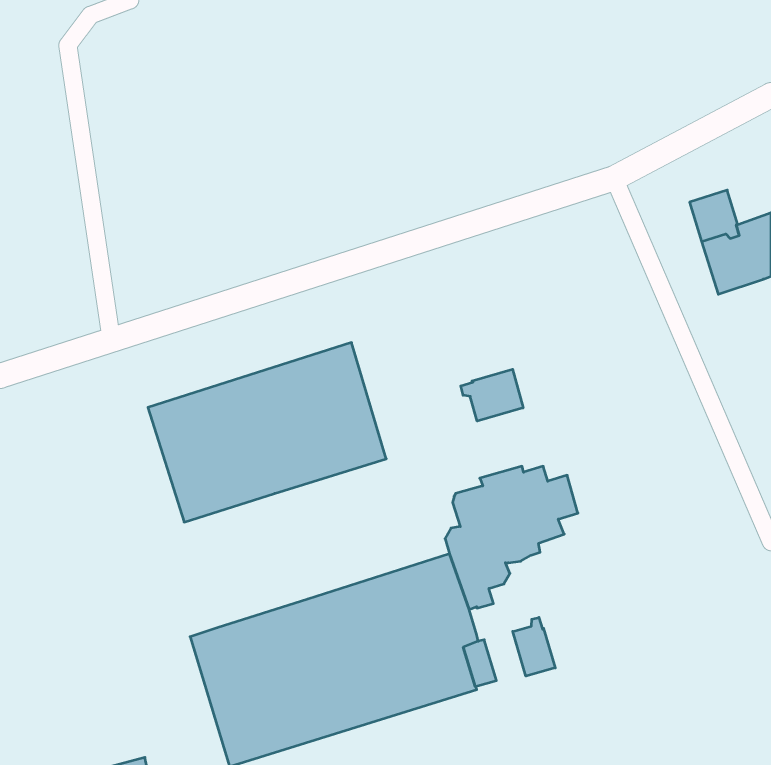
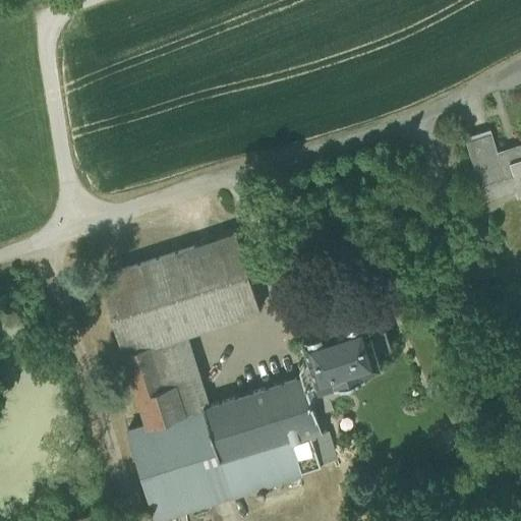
building: [461,369,523,421] -> none
building: none -> [124,337,208,427]
building: [513,617,555,676] -> none

